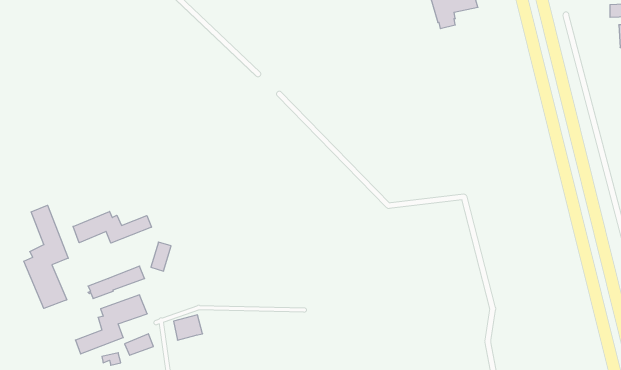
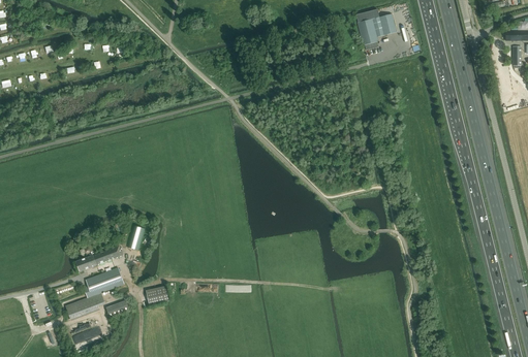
building: [24,205,68,308] -> none
building: [73,211,151,243] -> none

